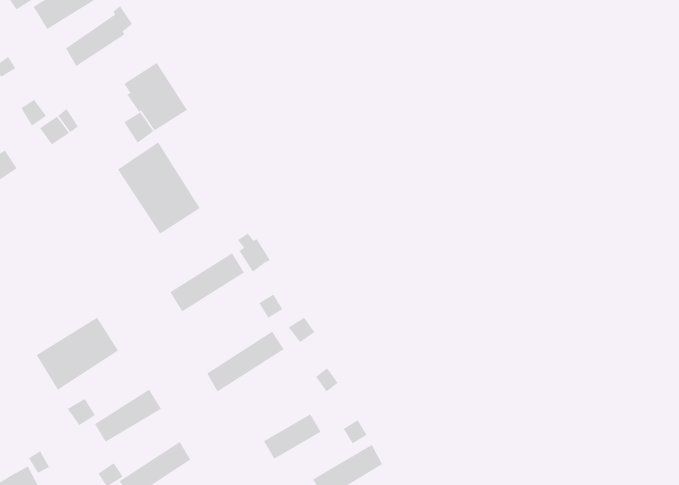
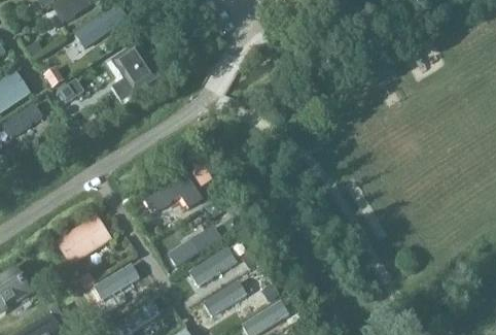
building: [117,142,200,234] -> none
building: none -> [187,248,236,287]

